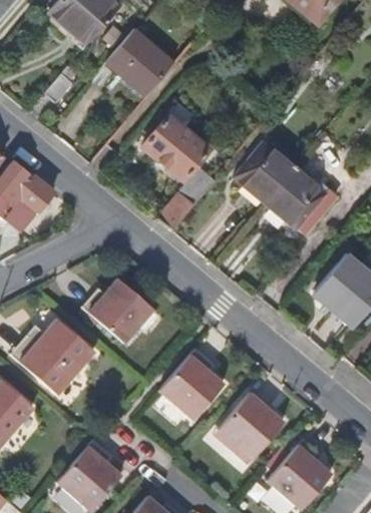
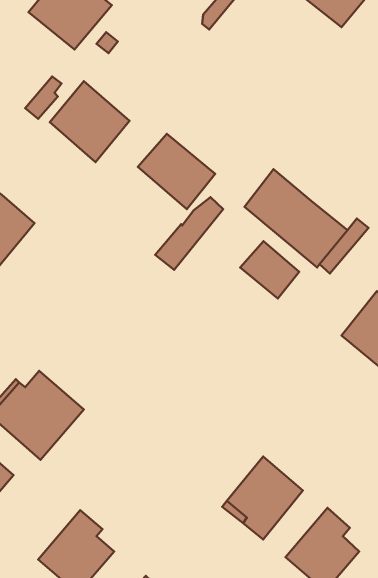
building: [105,29,173,98] -> [50,81,130,162]
building: none -> [240,241,299,299]
building: [81,277,153,341] -> none
building: [158,348,224,419] -> none

